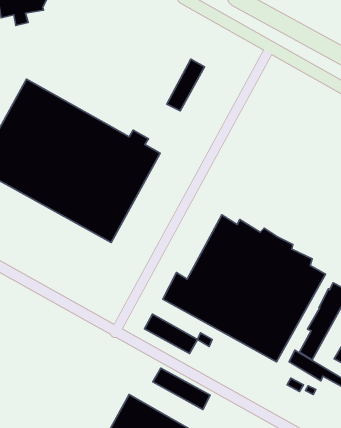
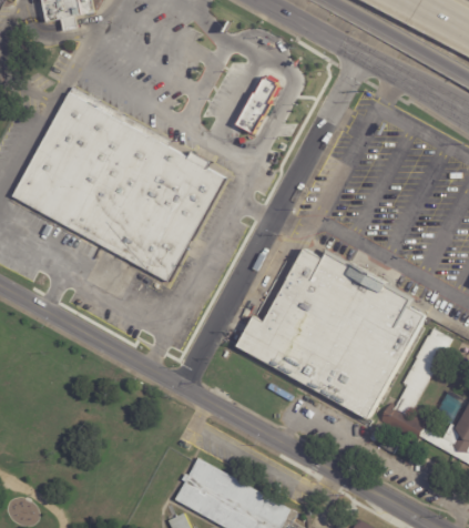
building: [145,314,198,353] -> none
building: [153,368,210,410] -> none

